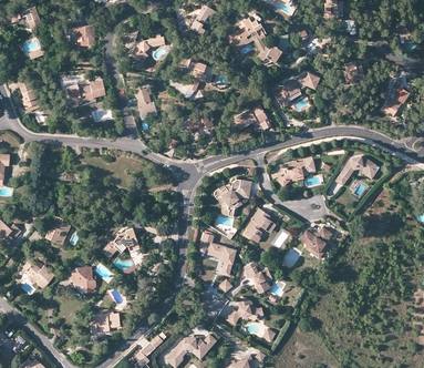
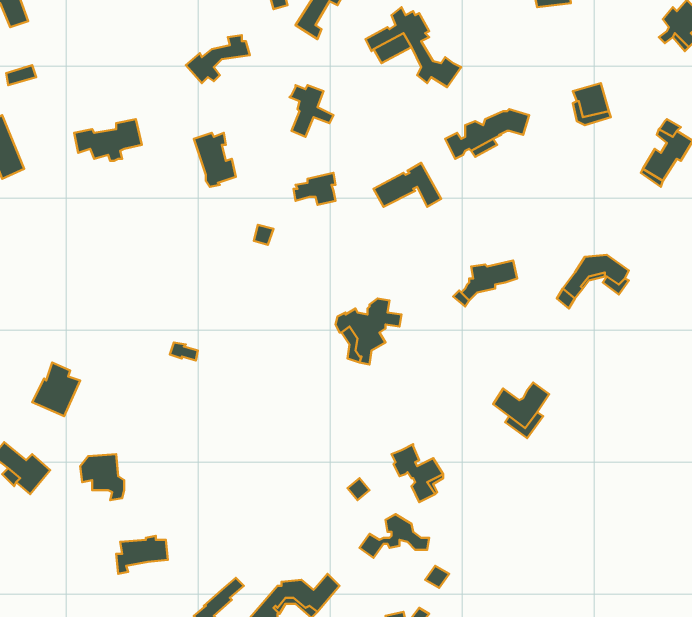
building: [66,25,95,45] -> none
building: [244,208,275,242] -> none
building: [99,228,137,257] -> none
building: [200,233,236,274] -> none

